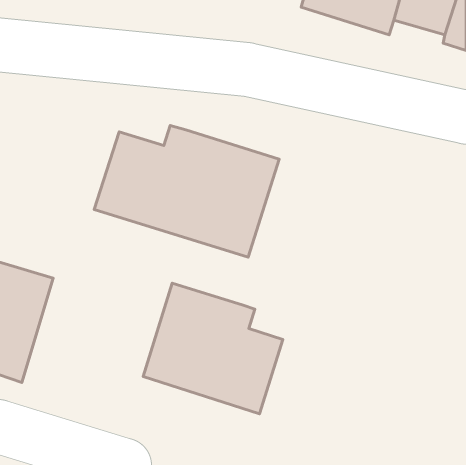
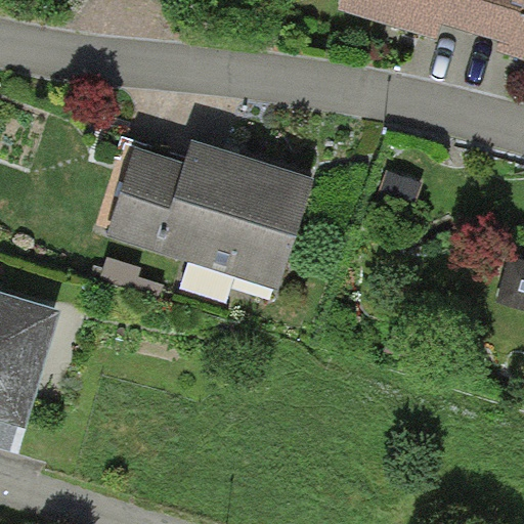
building: [143,283,283,414] -> none

